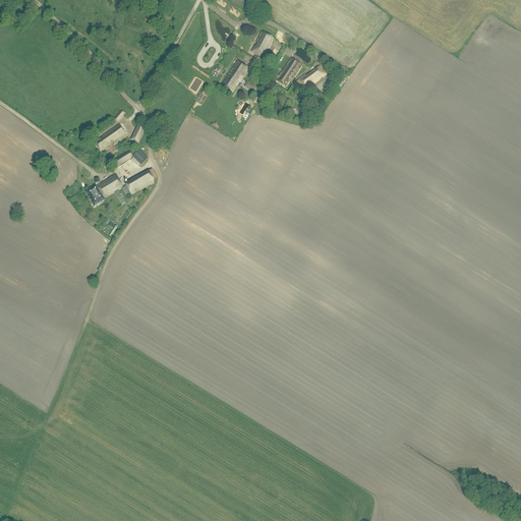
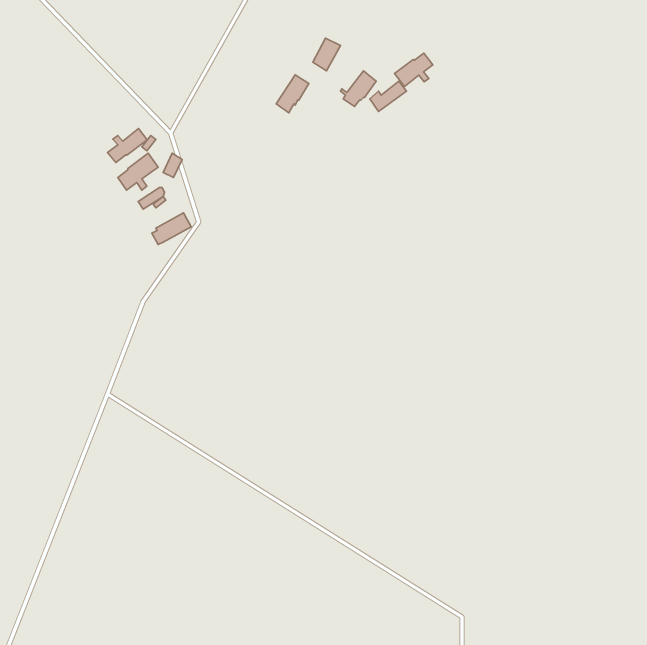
building: none -> [395,53,433,87]
building: none -> [108,129,147,163]
building: [85,173,123,206] -> none

